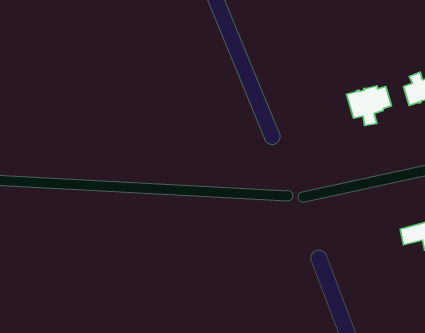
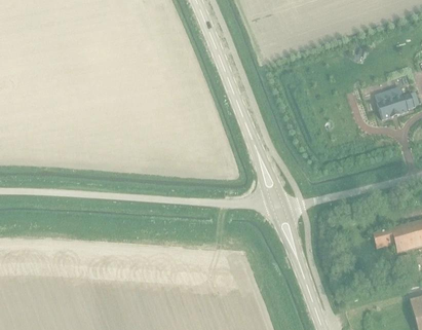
building: [346,86,392,126] -> none

